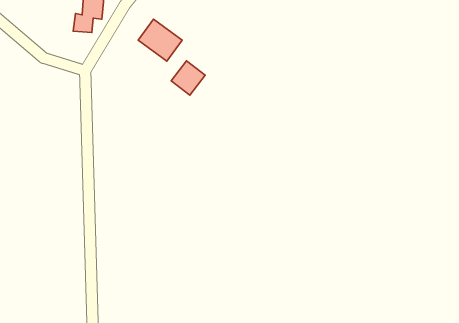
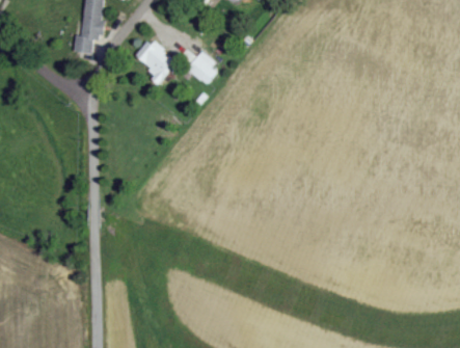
building: [171,61,205,95] -> [187,50,219,82]

